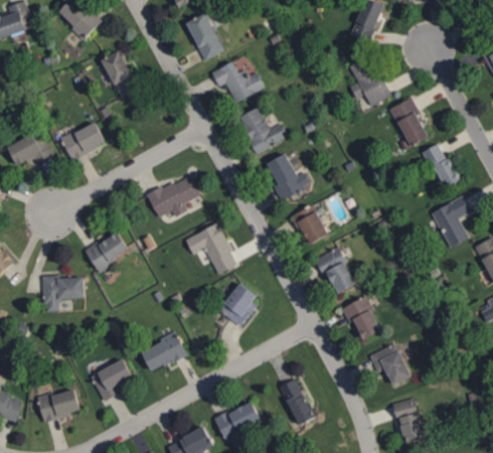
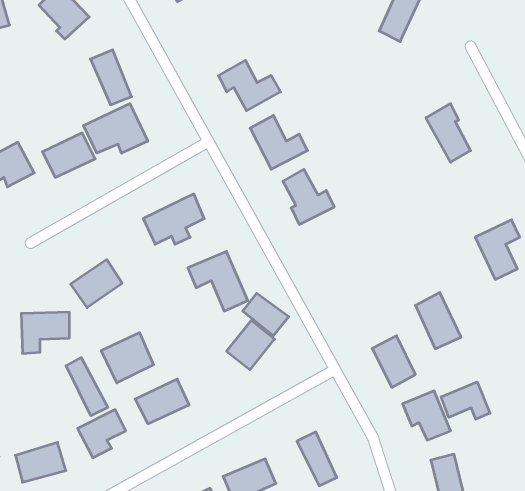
building: [186,13,222,60] -> none
building: [349,55,389,106] -> none
building: none -> [84,104,148,153]
building: [424,142,459,189] -> none
building: [291,204,328,246] -> none
building: [317,247,356,295] -> [415,292,461,349]
building: none -> [243,293,289,336]
building: none -> [101,333,154,383]
building: none -> [66,358,108,416]
building: none -> [441,382,490,419]

